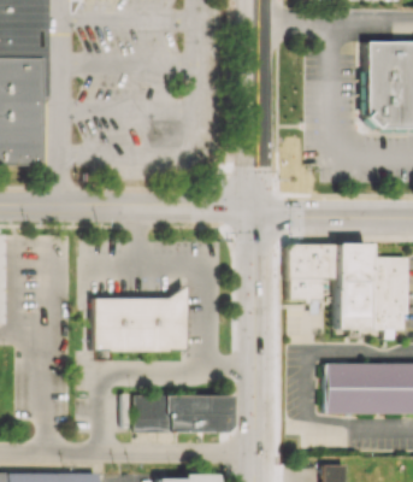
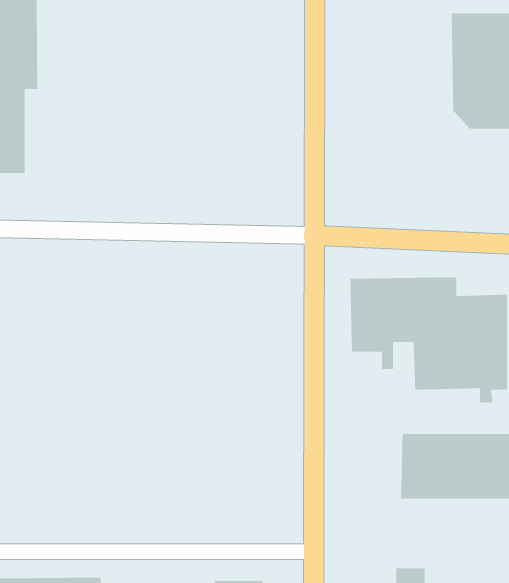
building: [94,296,188,352] -> none
building: [135,394,232,431] -> none

